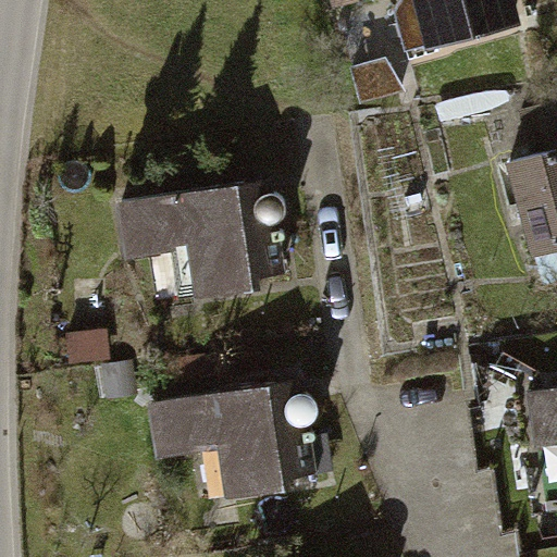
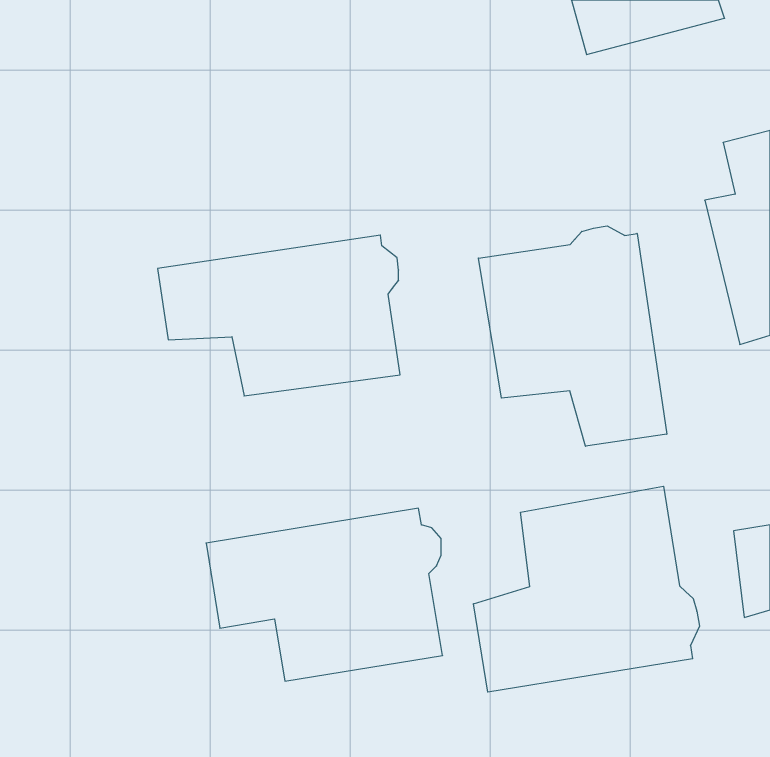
building: none -> [478,226,667,446]
building: none -> [473,486,700,692]

